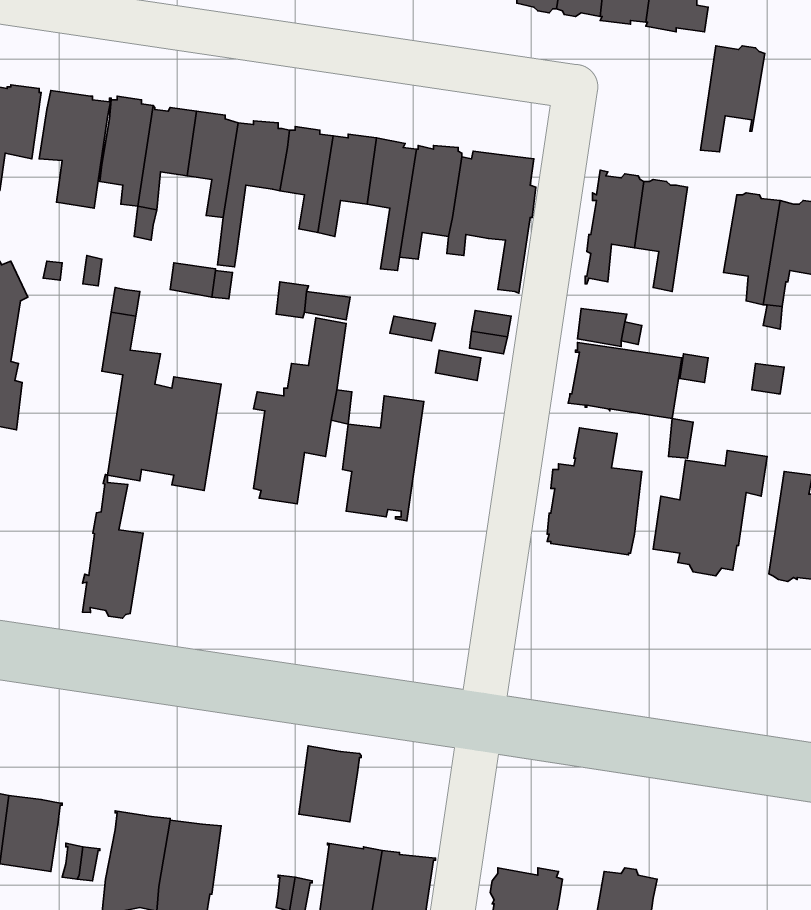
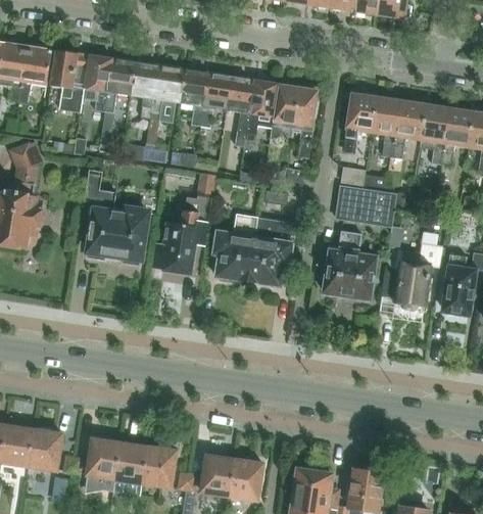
building: [701,46,765,152] -> [391,101,426,158]
building: none -> [248,217,295,286]
building: [82,475,143,618] -> none
building: [299,746,361,822] -> [143,446,177,486]

